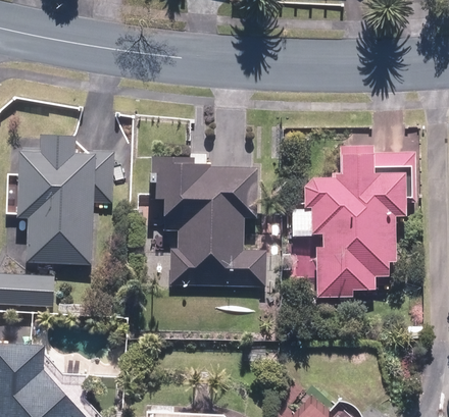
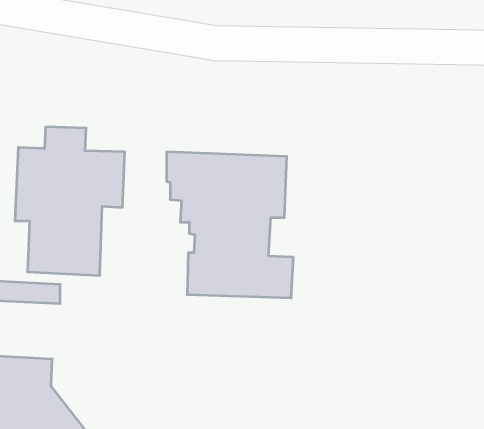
building: [304,147,416,296] -> none

